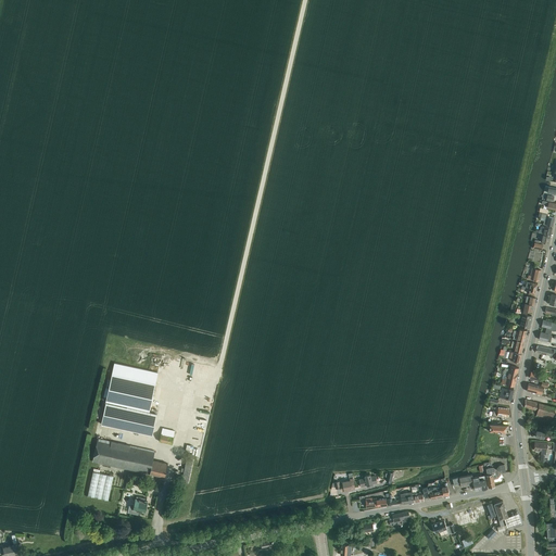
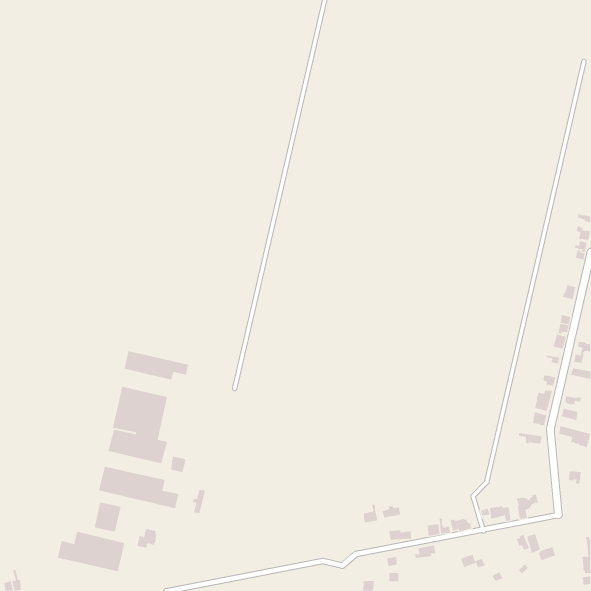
building: none -> [124,351,189,380]
building: none -> [57,531,125,572]

